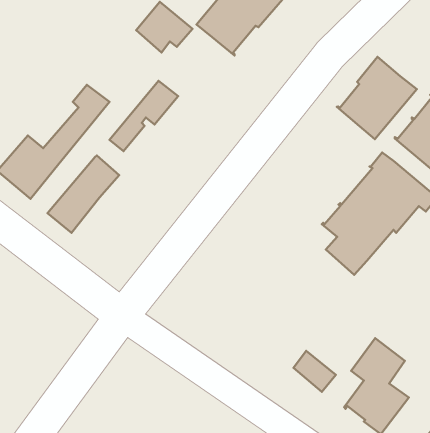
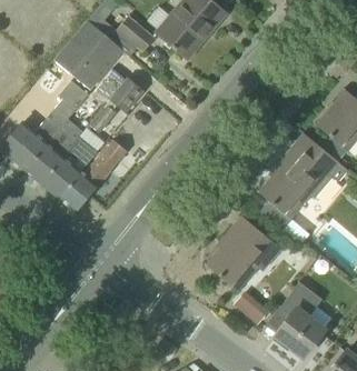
building: none -> [56,20,122,88]
building: [337,57,417,139] -> none
building: none -> [27,132,78,182]
building: none -> [59,139,127,212]
building: none -> [205,215,281,292]

